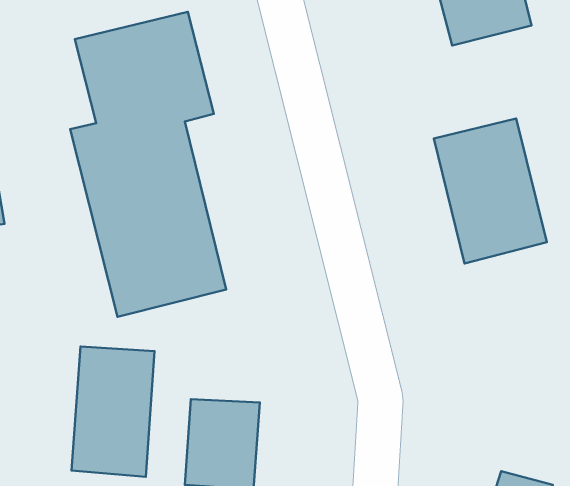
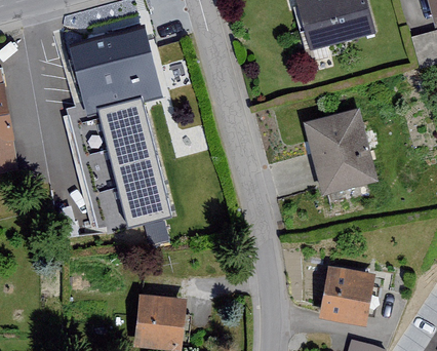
building: [72,346,155,477] -> none
building: none -> [322,262,381,314]

